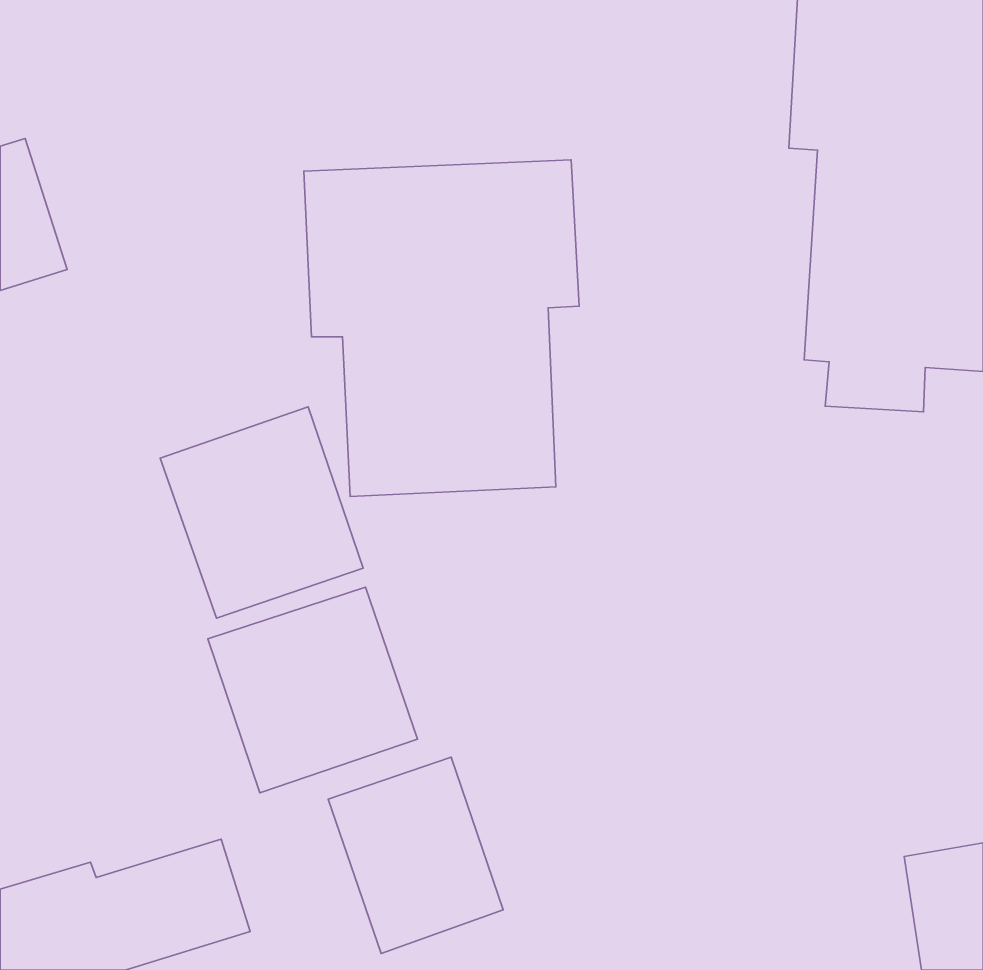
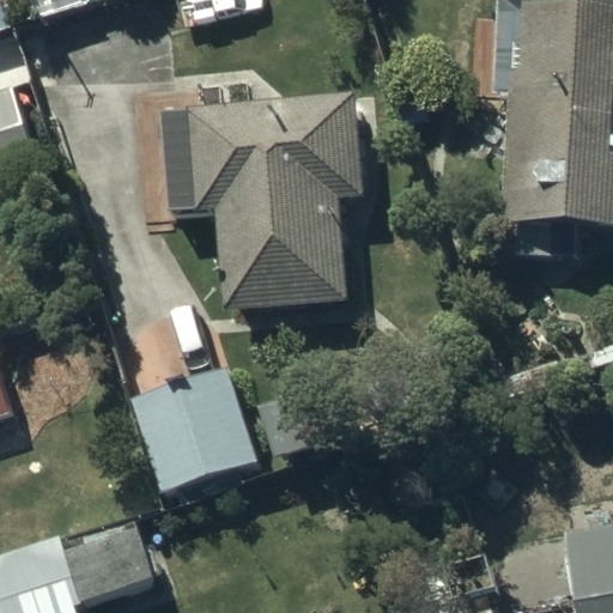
building: [160,407,363,618] -> none
building: [328,757,503,953] -> none

